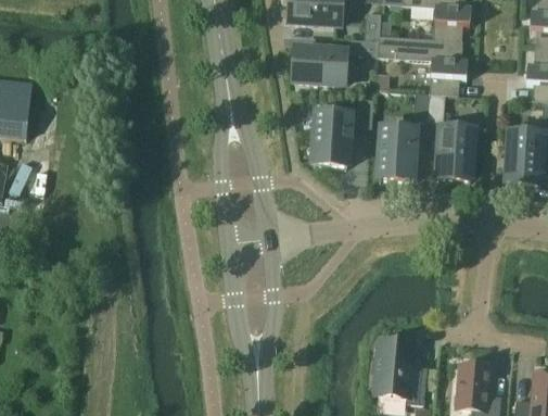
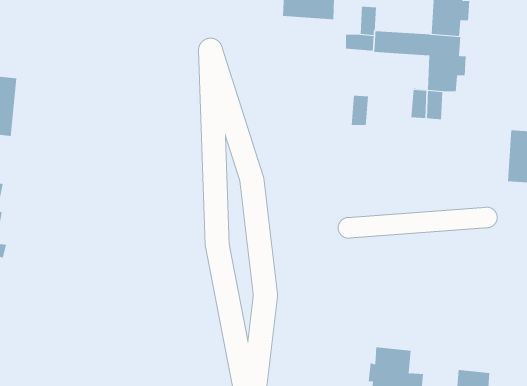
building: [293,47,344,83] -> none
building: [313,112,349,164] -> none
building: [436,126,473,178] -> none
building: [378,127,415,179] -> none

